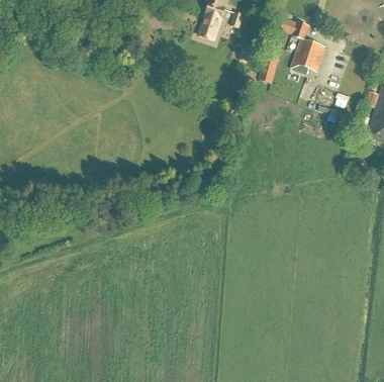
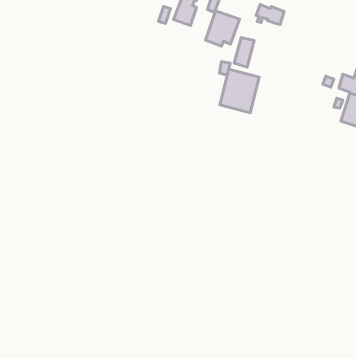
building: [292,38,326,74] -> [205,11,239,46]
building: none -> [220,69,259,113]

